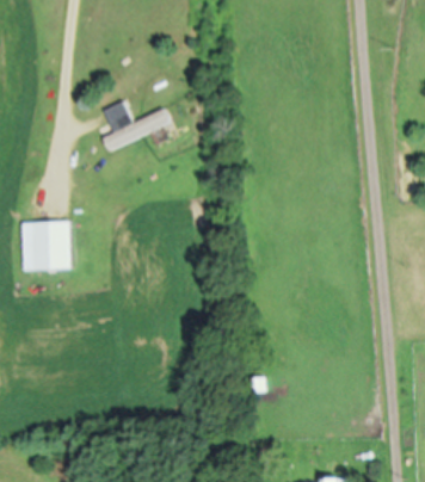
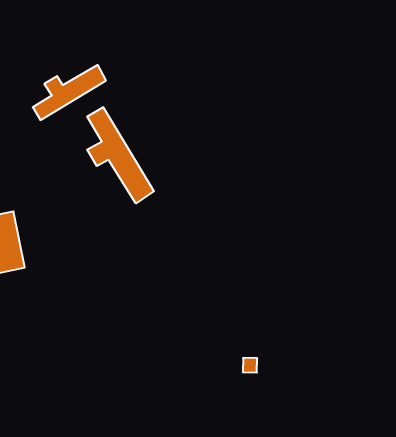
building: none -> [87,107,154,203]

